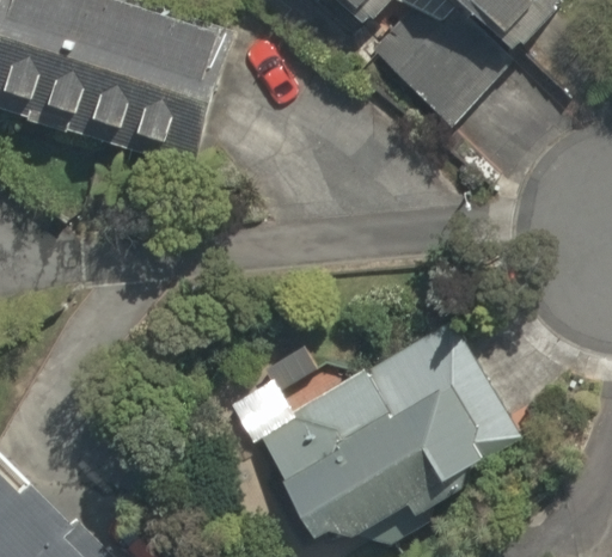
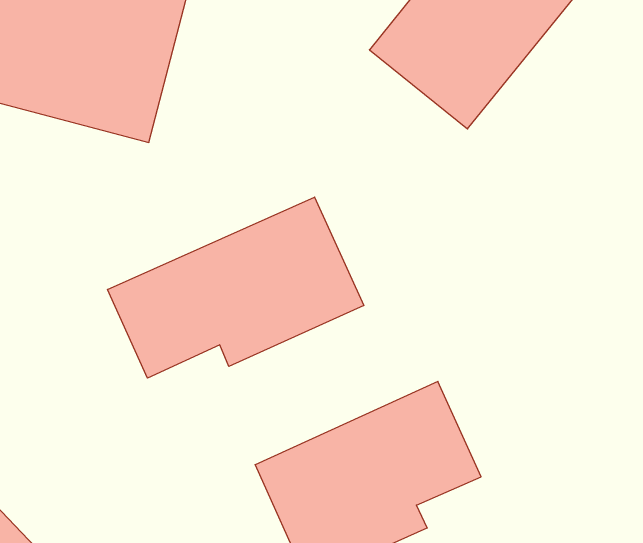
building: none -> [108,197,364,378]

